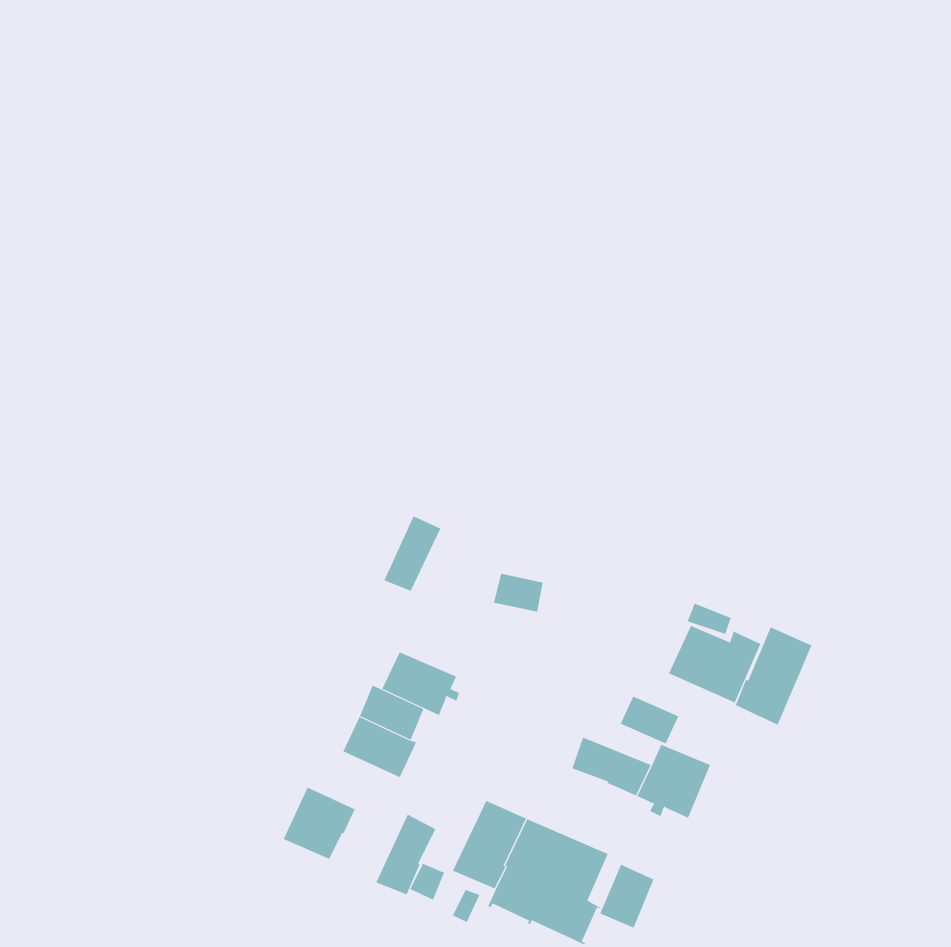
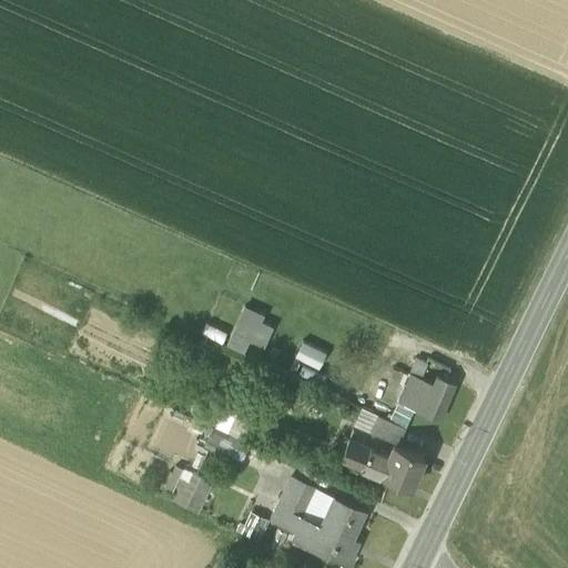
building: [735,627,812,725] -> none
building: [382,651,460,716] -> none
building: [376,814,436,895] -> none
building: [599,864,654,928] -> none

